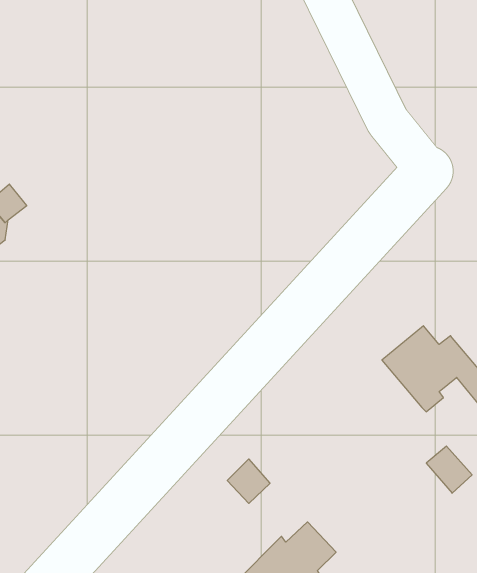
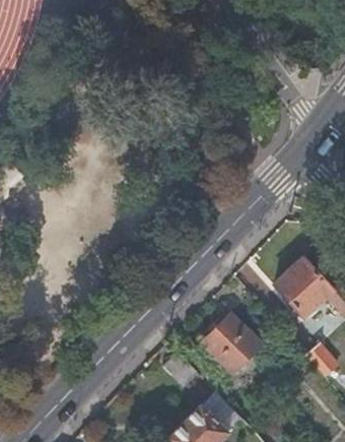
building: none -> [203,315,261,372]

